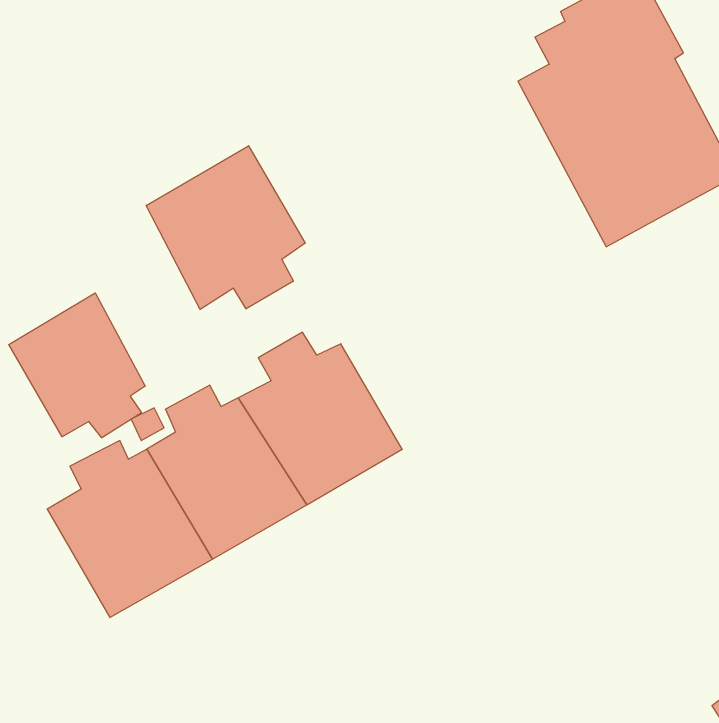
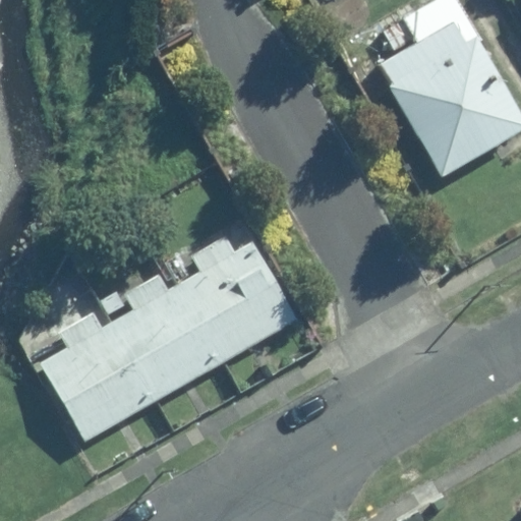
building: [146,146,305,309] -> none
building: [9,293,145,438] -> none

